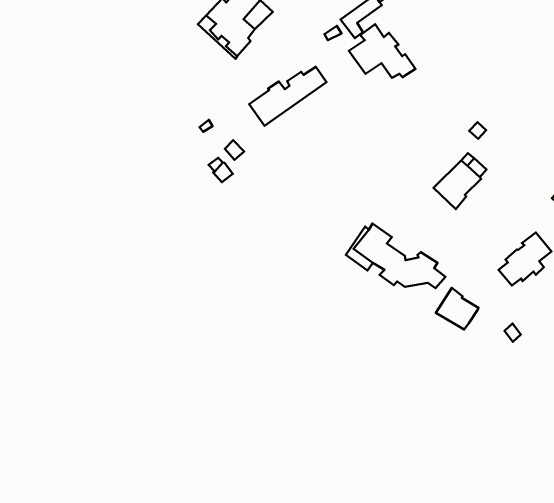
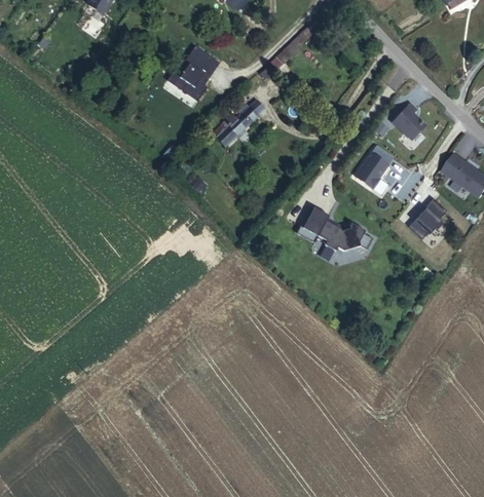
building: [349,24,415,78] -> none
building: none -> [393,103,425,140]
building: [436,288,478,329] -> none

